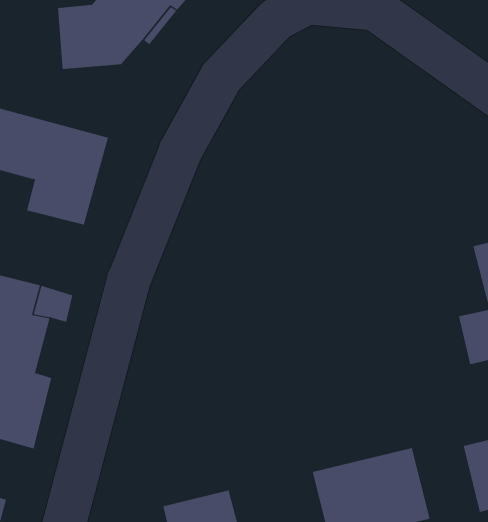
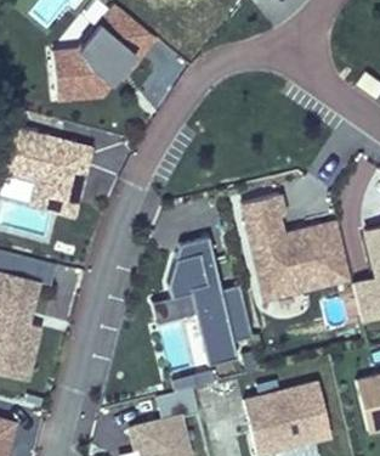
building: none -> [239,197,348,297]
building: none -> [168,243,253,370]

